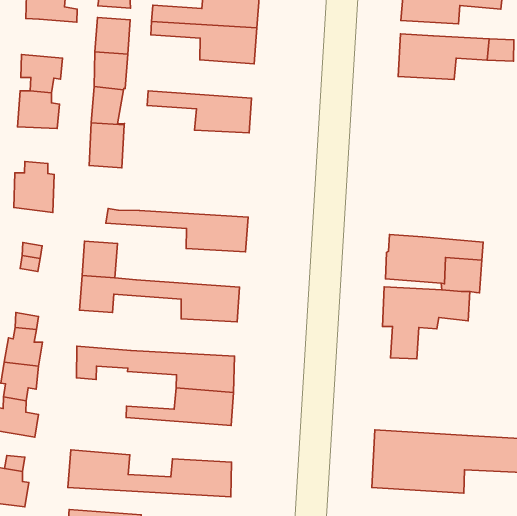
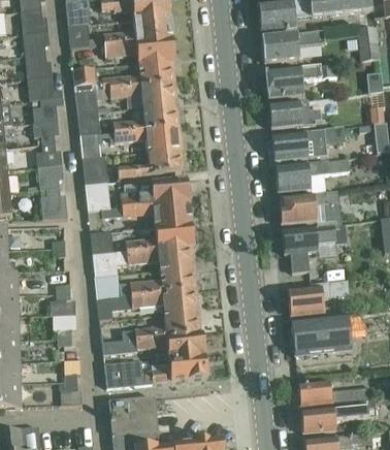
building: none -> [32,97,64,123]
building: none -> [113,104,180,132]
building: none -> [269,99,322,128]
building: none -> [37,165,64,190]
building: none -> [118,148,184,176]
building: none -> [272,129,328,160]
building: none -> [86,183,108,211]
building: none -> [121,178,190,207]
building: none -> [275,158,348,192]
building: none -> [126,222,194,251]
building: none -> [130,266,196,295]
building: none -> [288,279,351,315]
building: none -> [102,331,205,358]

